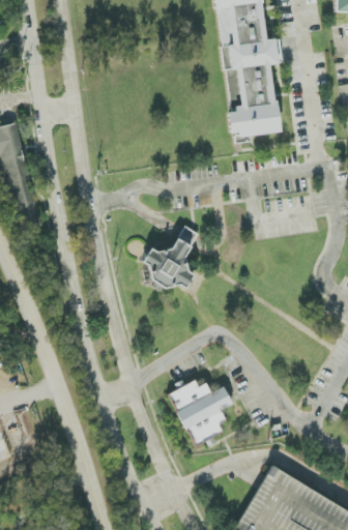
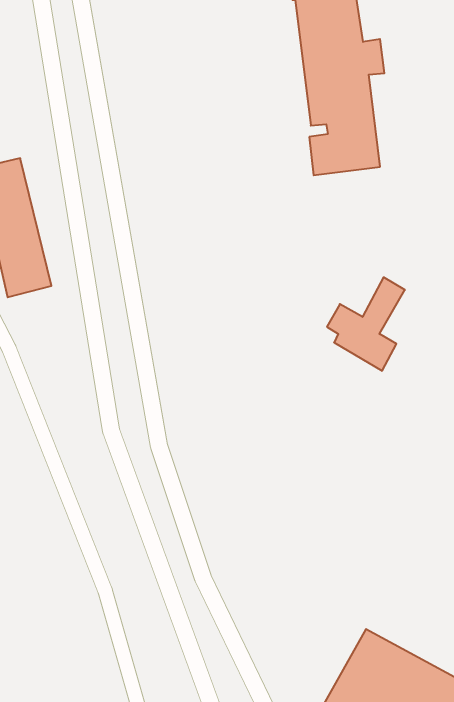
building: [143,225,200,293] -> [327,277,405,371]
building: [168,380,233,446] -> none

